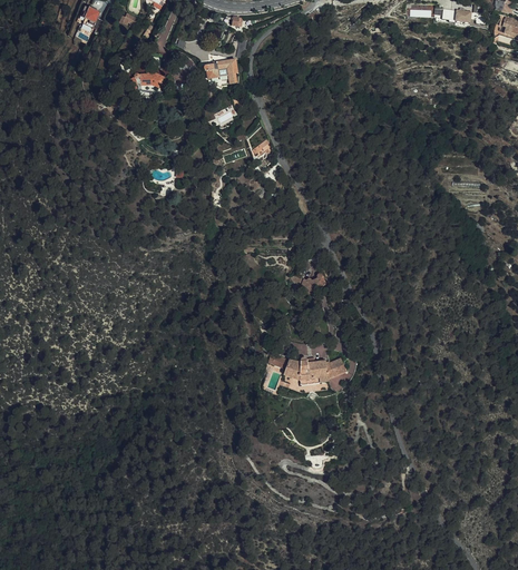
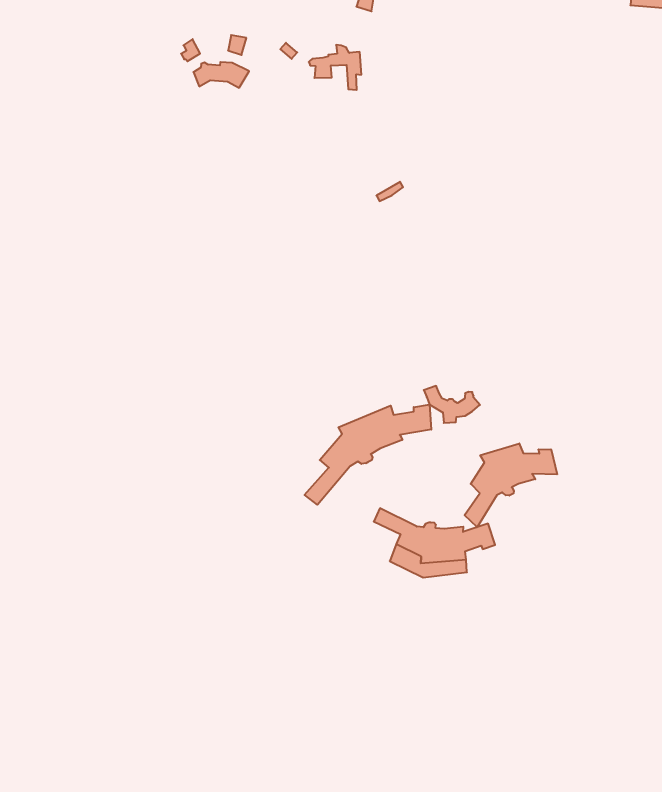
building: none -> [305,404,431,505]
building: none -> [465,443,557,527]

